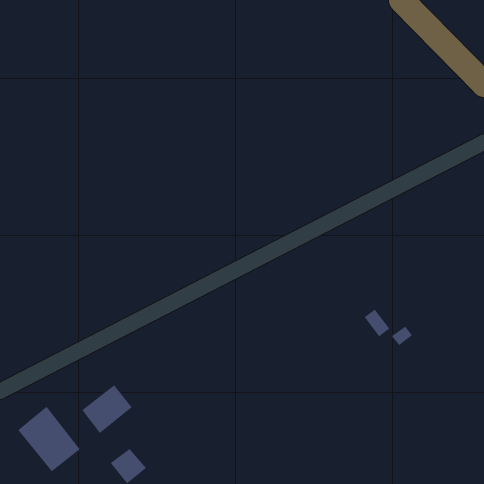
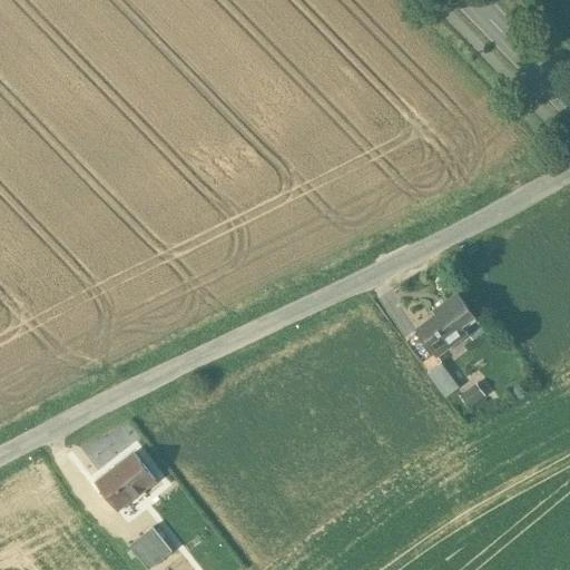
building: none -> [416,294,473,354]
building: [17,406,80,472] -> none

